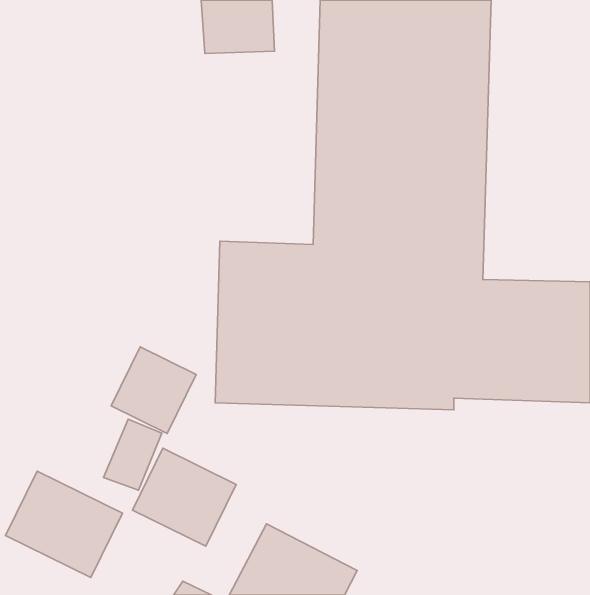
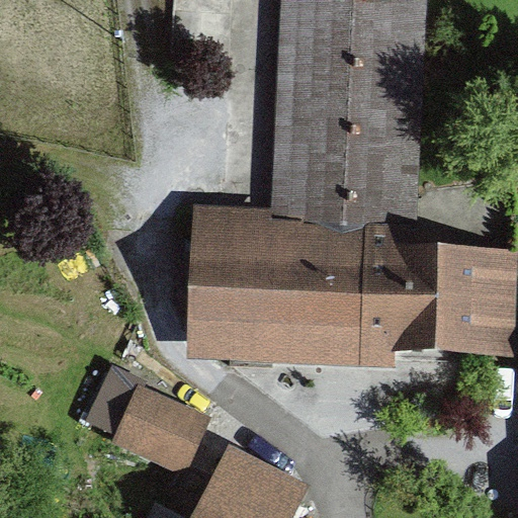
building: [111,347,196,433] -> none
building: [5,471,123,578] -> none

